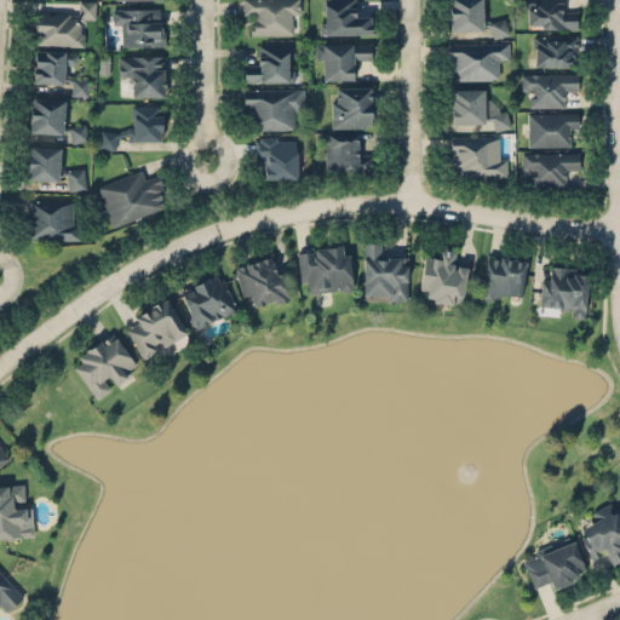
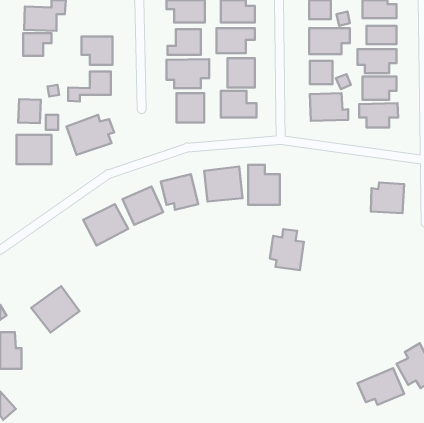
building: [114,11,166,48] -> none
building: [31,101,64,136] -> none
building: [420,248,470,308] -> [270,229,304,270]
building: [482,257,528,303] -> none
building: [70,333,140,401] -> [31,286,80,333]

